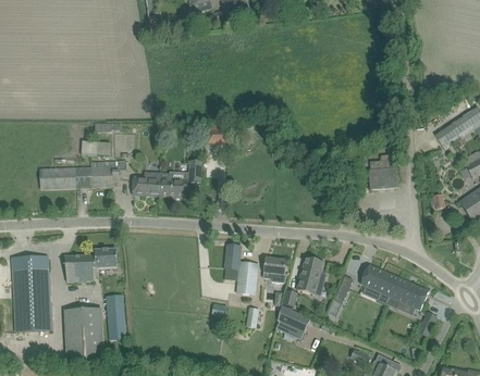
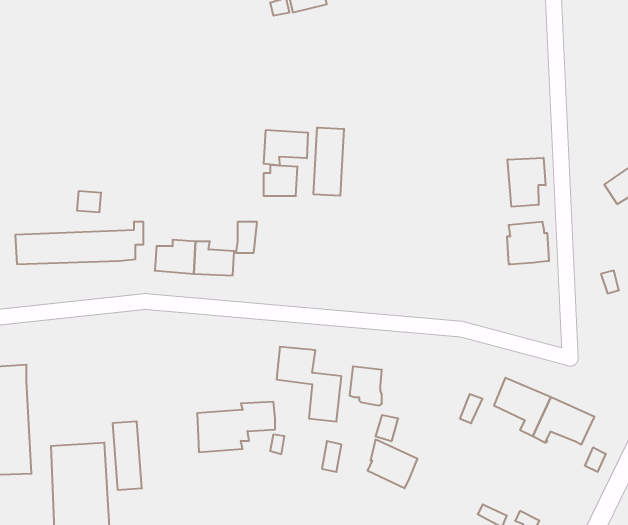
building: none -> [314,127,344,196]
building: none -> [264,130,308,166]
building: none -> [508,158,545,207]
building: [64,248,116,281] -> [197,402,275,452]
building: [296,255,325,293] -> none

